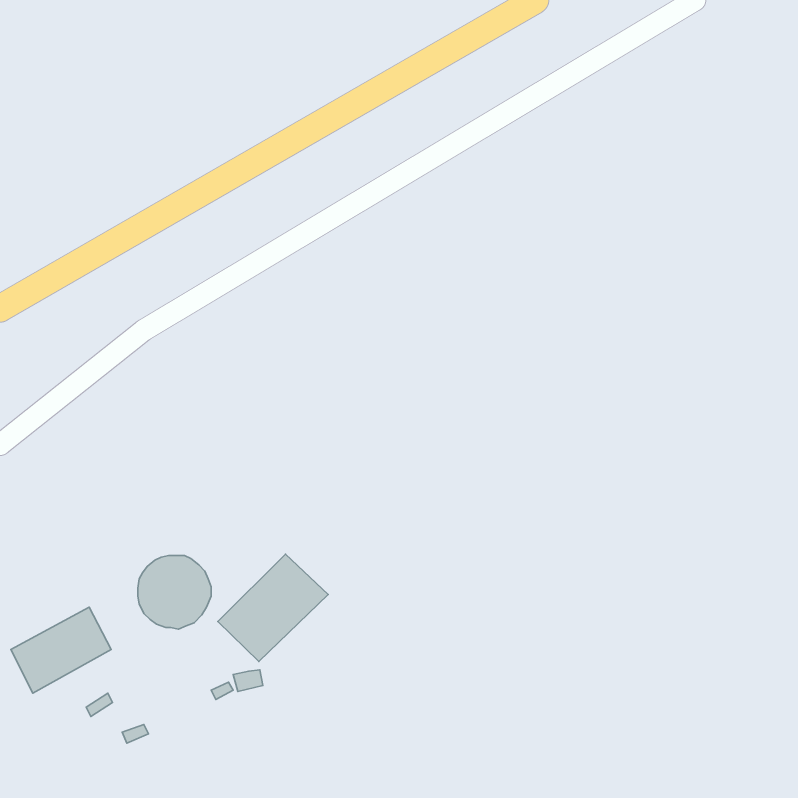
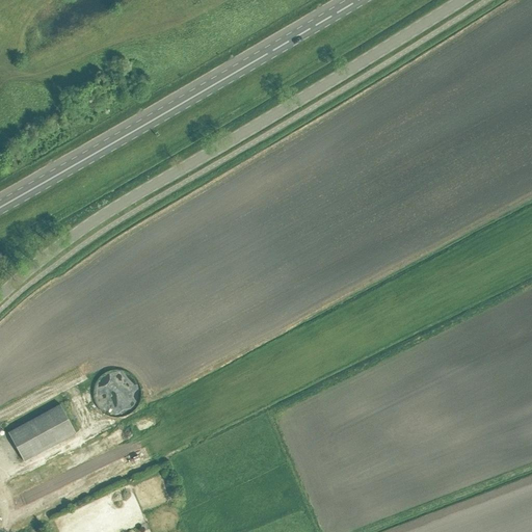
building: [218,554,328,662] -> none

